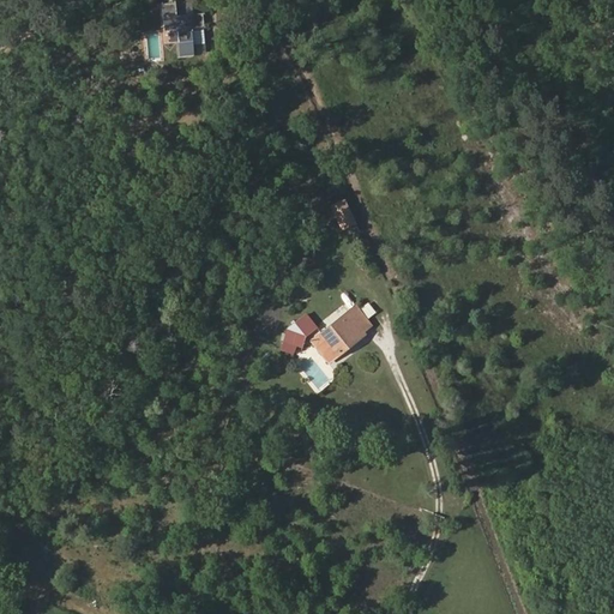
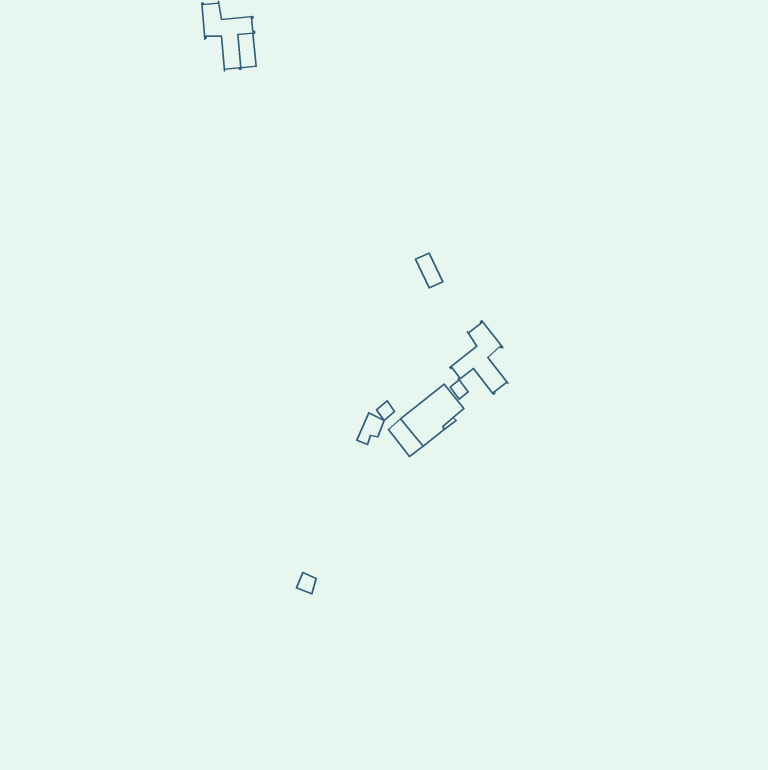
building: none -> [450,321,508,394]

